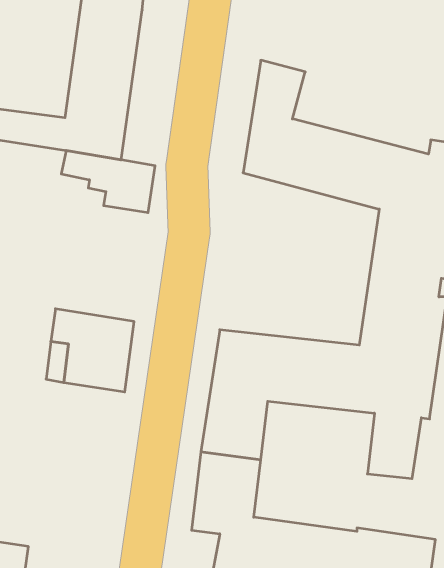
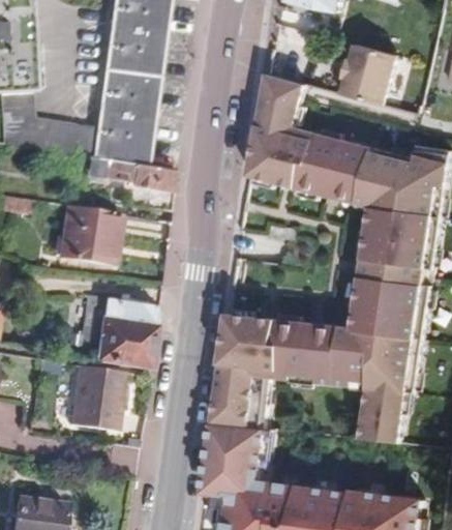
building: none -> [340,45,408,110]
building: none -> [55,206,116,264]
building: none -> [65,365,120,432]

